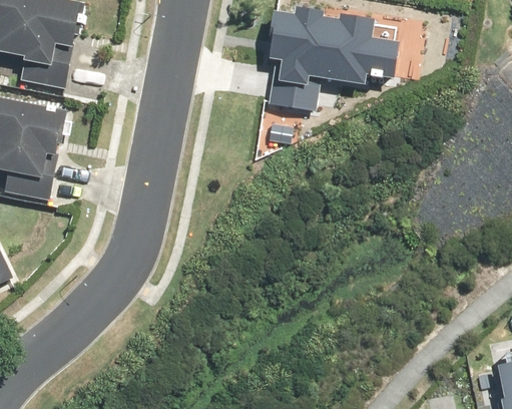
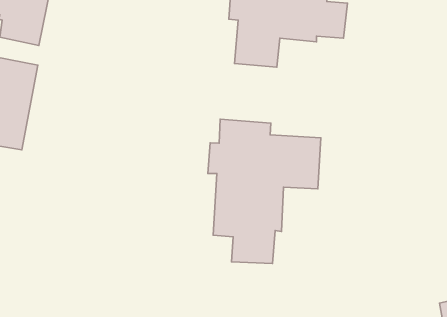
building: none -> [208,119,321,263]

